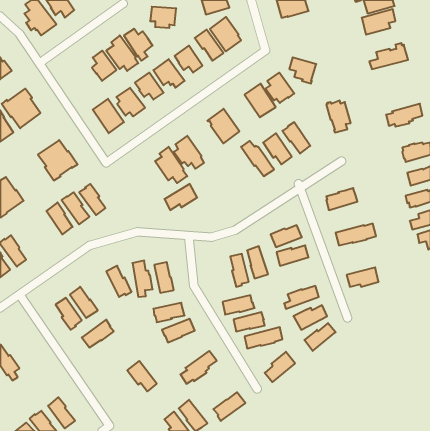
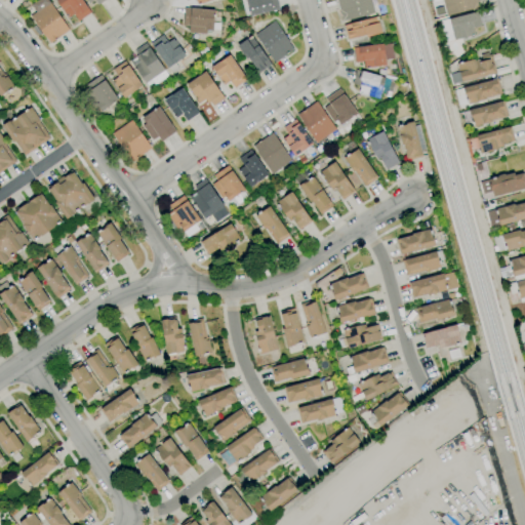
building: none -> [345,16,382,40]
building: none -> [354,44,395,69]
building: none -> [85,75,119,112]
building: none -> [463,79,502,104]
building: none -> [463,100,509,127]
building: none -> [283,119,314,157]
building: none -> [367,131,400,170]
building: none -> [239,150,270,188]
building: none -> [277,192,313,230]
building: none -> [15,193,63,241]
building: none -> [167,196,201,238]
building: none -> [256,206,291,244]
building: none -> [403,251,441,276]
building: none -> [38,259,71,298]
building: none -> [19,272,51,311]
building: none -> [416,299,456,323]
building: none -> [255,315,279,354]
building: none -> [337,324,382,349]
building: none -> [105,336,139,374]
building: none -> [7,403,41,442]
building: none -> [212,408,252,442]
building: none -> [119,413,163,449]
building: none -> [175,423,209,460]
building: none -> [131,449,170,491]
building: none -> [235,449,280,483]
building: none -> [22,452,59,487]

